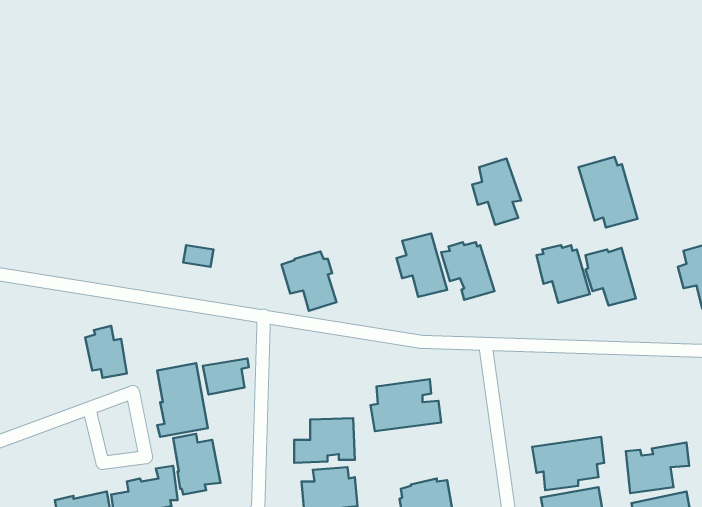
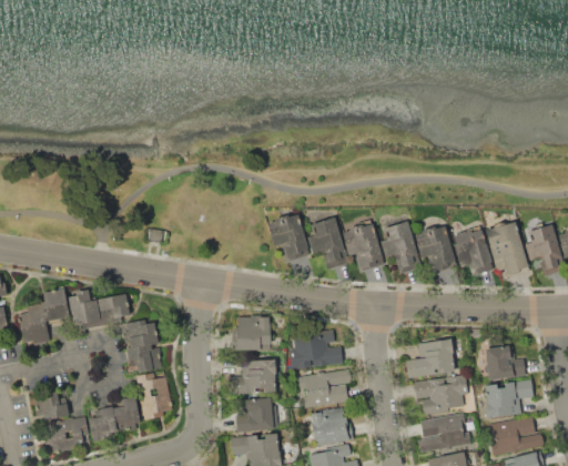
building: [579,157,638,228] -> [485,223,530,277]
building: [472,159,521,225] -> [381,222,418,273]
building: [282,252,336,311] -> [267,214,310,260]
building: none -> [18,288,71,345]
building: [203,359,249,395] -> [98,294,133,322]
building: none -> [232,317,270,351]
building: none -> [406,340,460,378]
building: none -> [485,347,528,381]
building: none -> [298,371,353,408]
building: none -> [33,391,70,423]

